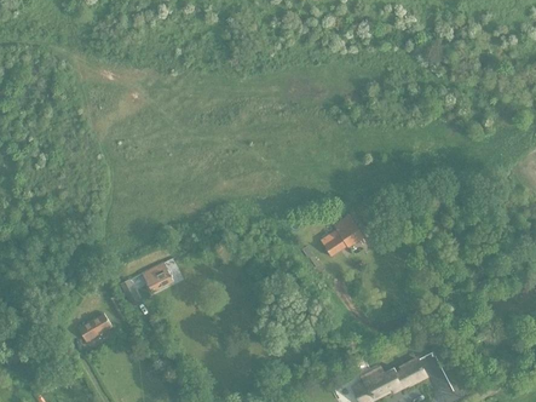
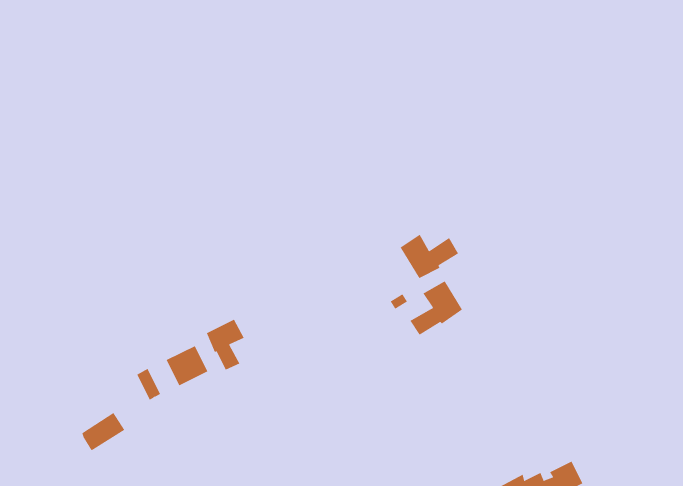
building: none -> [400,234,459,279]
building: none -> [206,319,244,371]

